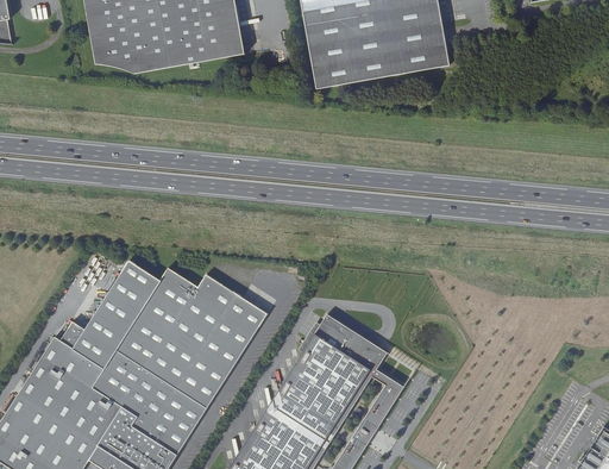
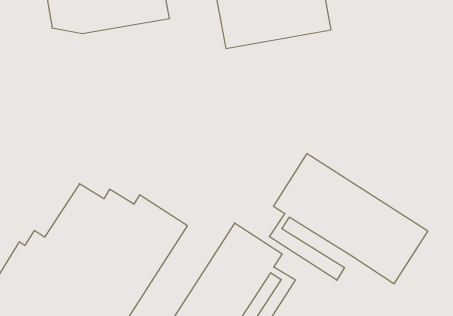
building: none -> [269,154,428,284]

